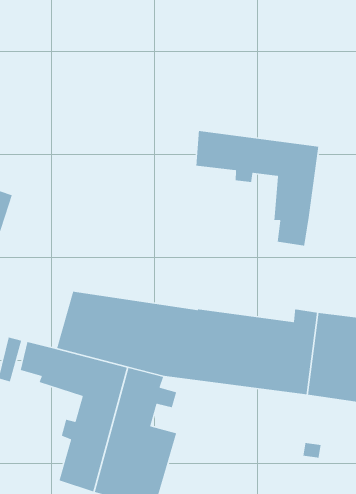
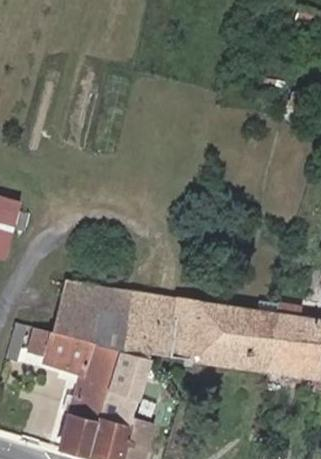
building: [195,130,319,247] -> none

